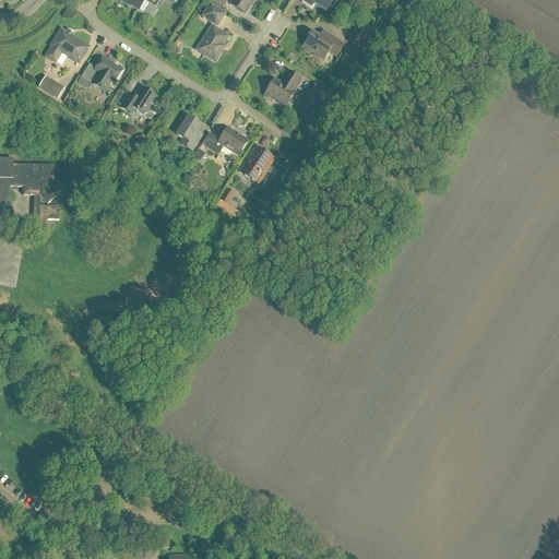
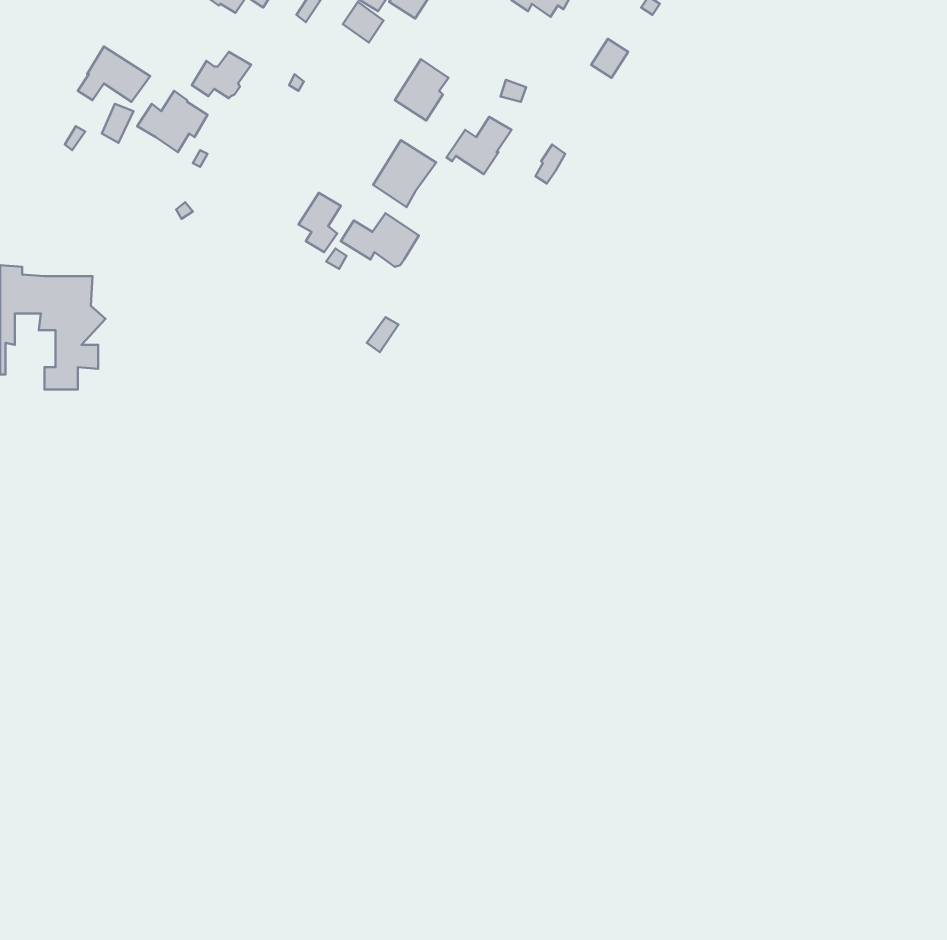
building: [197,23,228,59] -> [395,59,448,120]
building: [302,28,344,57] -> none
building: [121,85,156,112] -> [192,52,251,98]
building: [238,144,275,183] -> [373,140,436,207]

